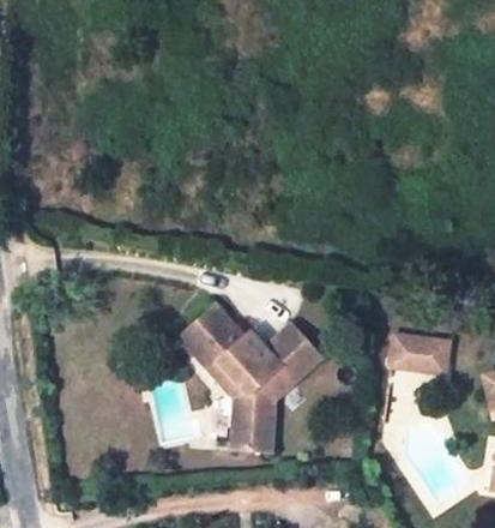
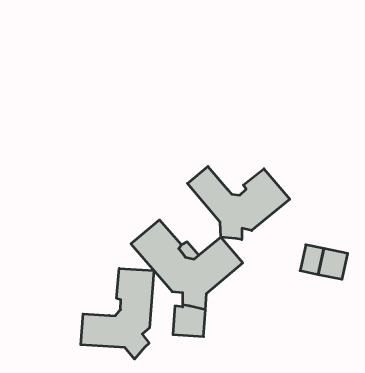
building: none -> [187,166,290,240]
building: none -> [81,268,154,359]

